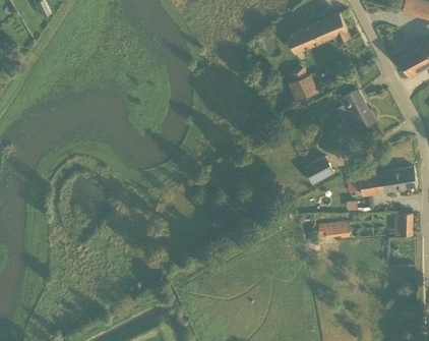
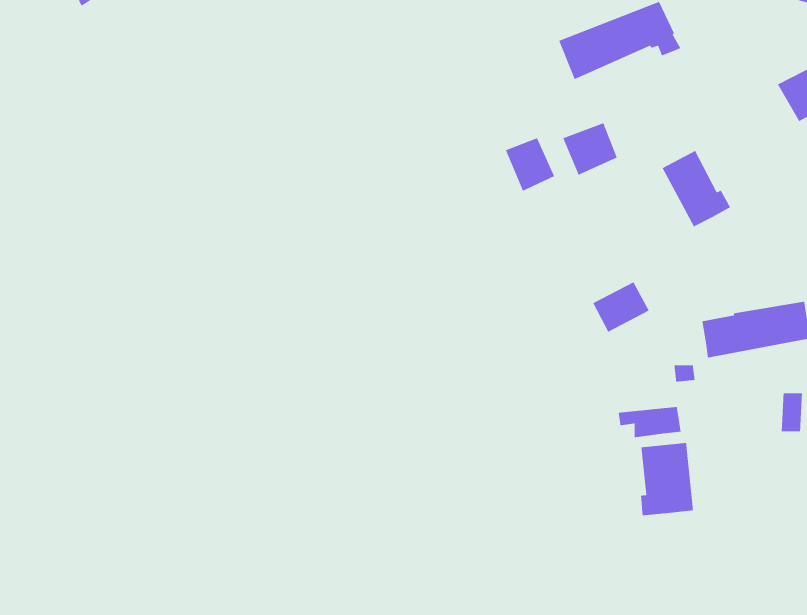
building: none -> [505,137,555,192]
building: none -> [640,442,694,516]

